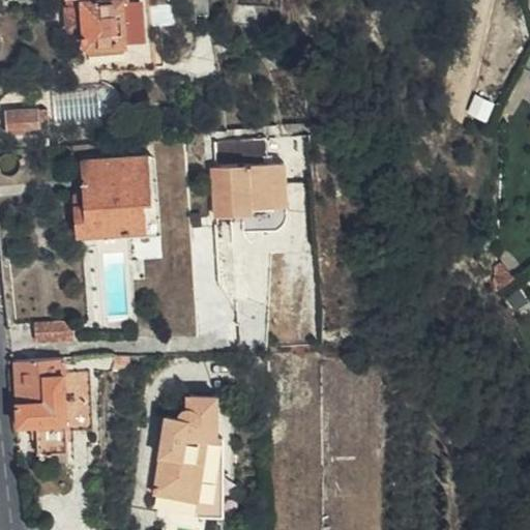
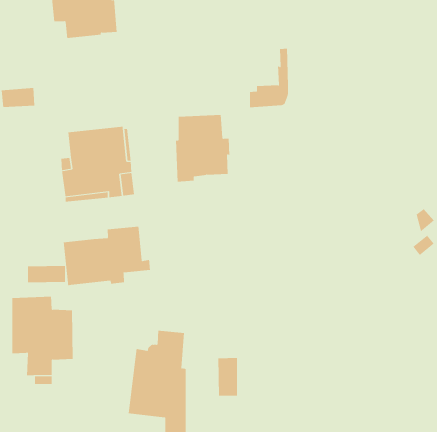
building: [238,169,285,239] -> [249,48,289,108]
building: none -> [63,226,150,286]
building: none -> [218,357,237,397]

